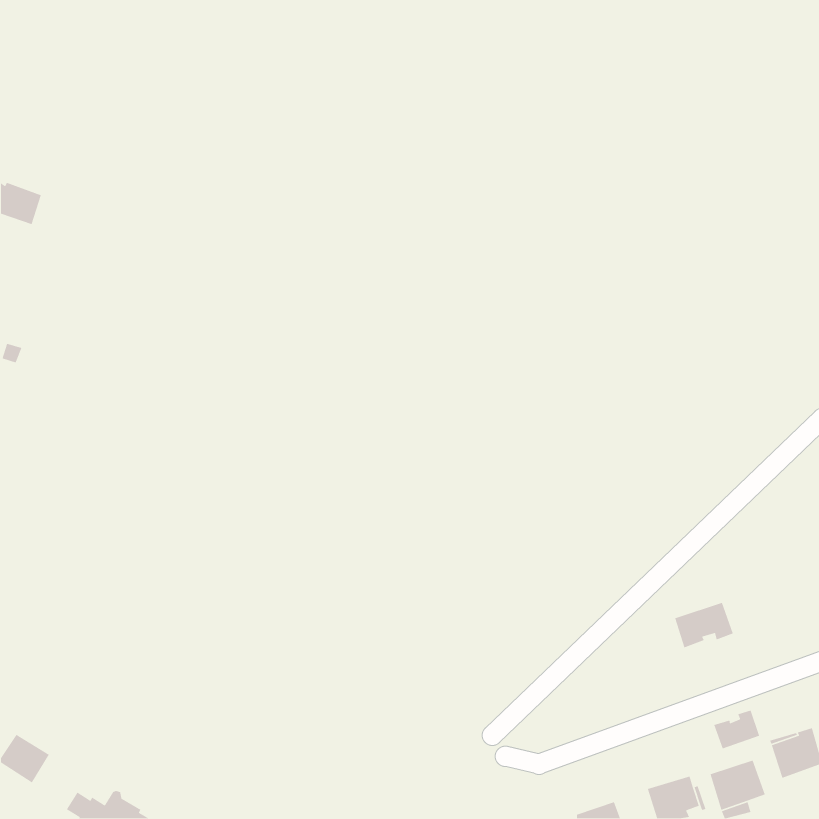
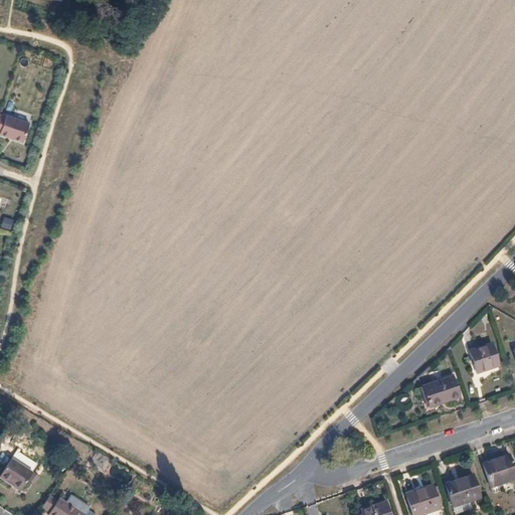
building: none -> [470,343,500,372]
building: [713,709,760,750] -> none

